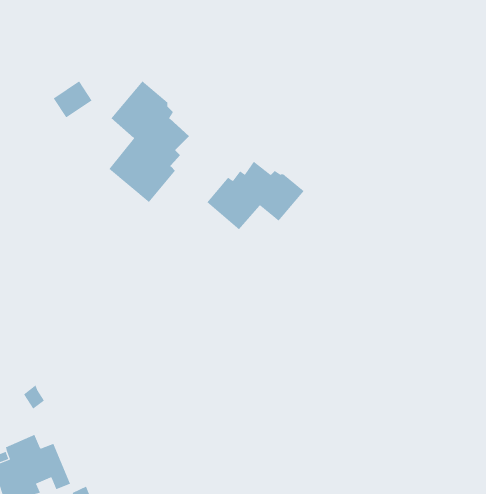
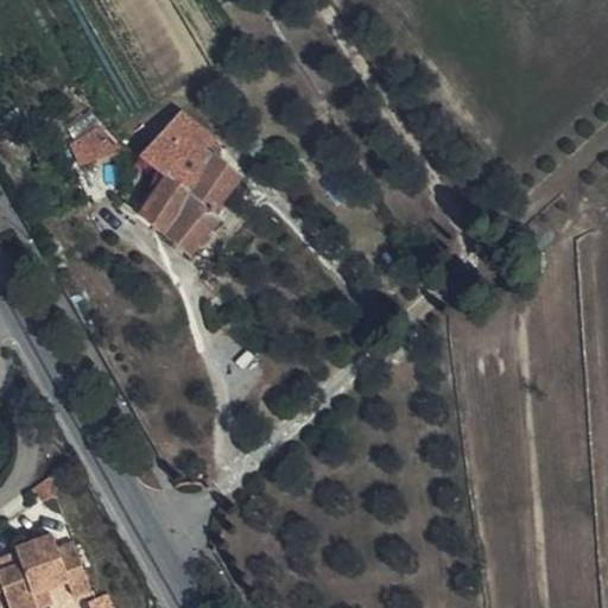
building: [207,161,304,230] -> none

